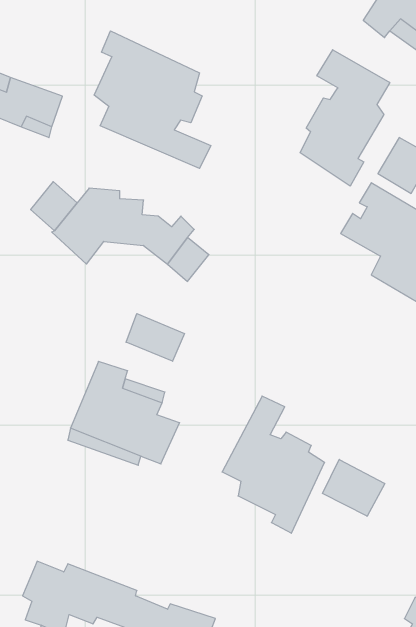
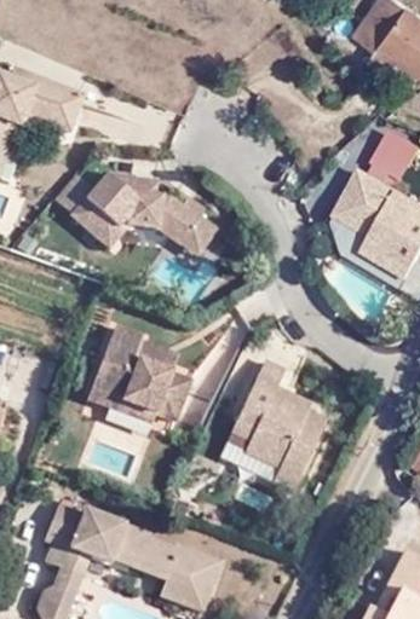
building: [94,31,211,168] -> none
building: [300,50,390,186] -> none
building: [126,314,185,361] -> none
building: [323,459,385,516] -> none

